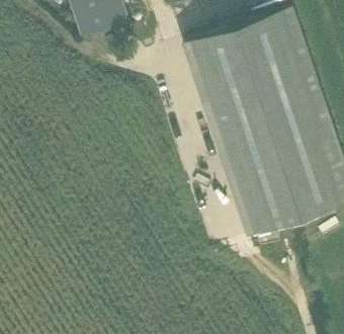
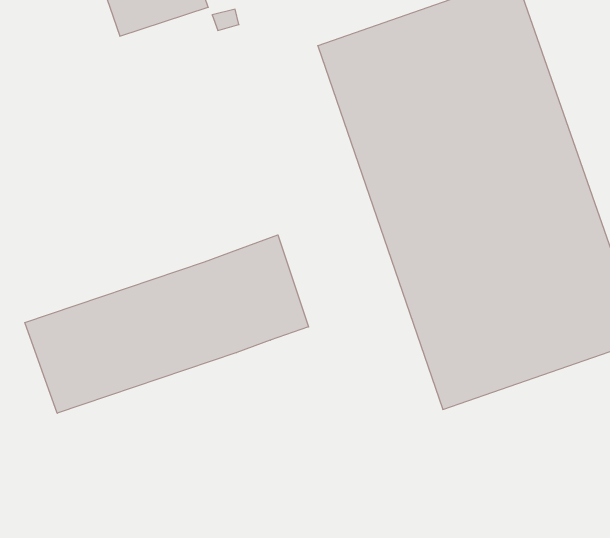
building: none -> [25,235,309,413]

